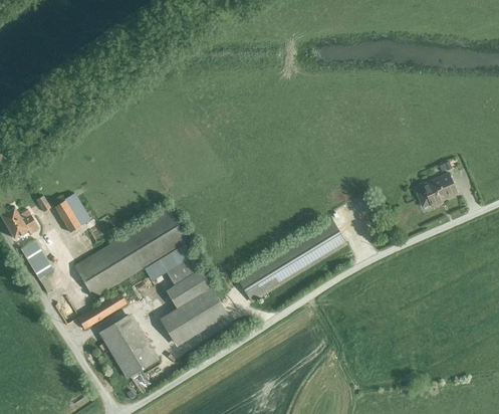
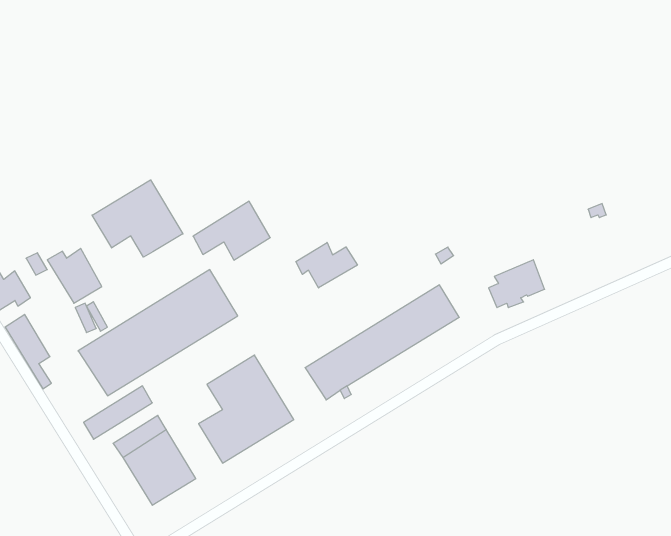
building: none -> [92,180,183,257]
building: [417,172,457,206] -> [489,260,545,308]
building: none -> [296,242,357,288]
building: [145,243,200,285] -> [193,201,270,260]

